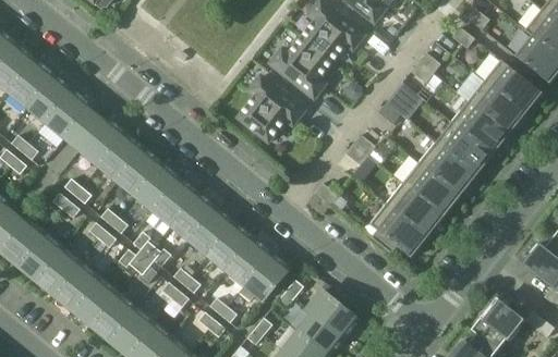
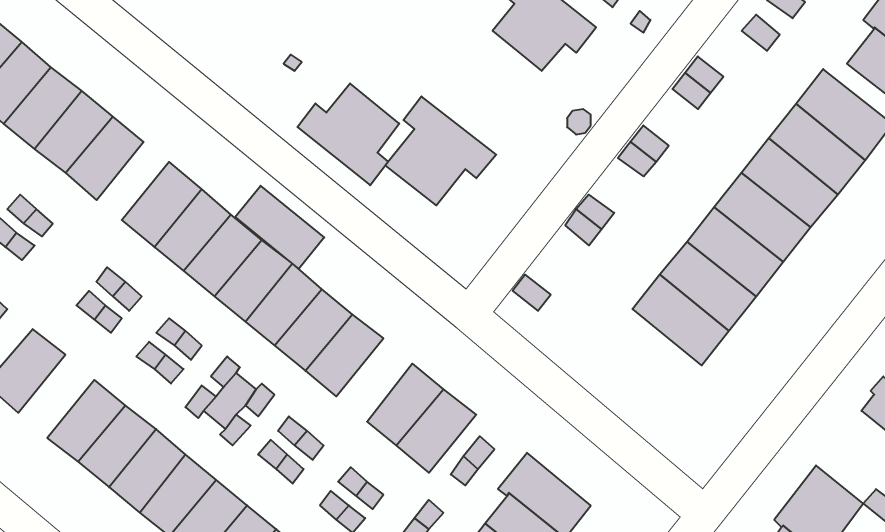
building: [269,37,330,98] -> [297,83,399,185]
building: none -> [235,186,324,269]
building: [368,204,426,258] -> none
building: [207,221,253,271] -> none
building: [16,231,62,281] -> none

